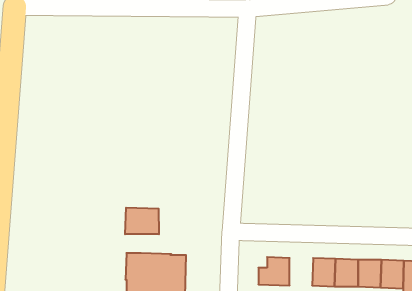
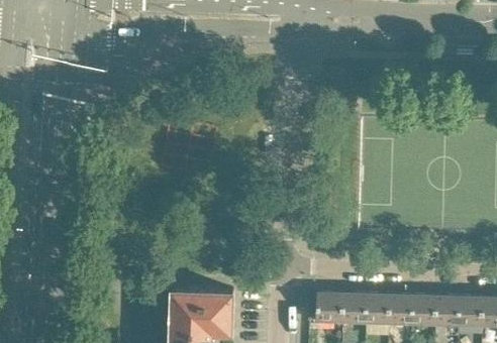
building: [125,208,159,234] -> none
building: none -> [339,294,364,322]

